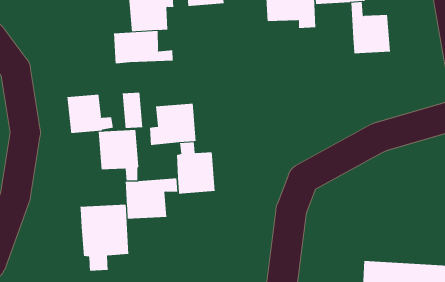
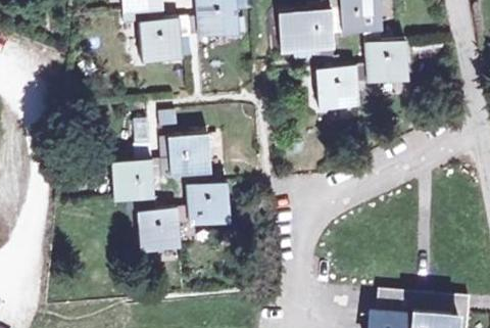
building: [114,30,173,64] -> none
building: none -> [316,66,369,116]
building: [67,94,113,134] -> none
building: [80,204,129,272] -> none

